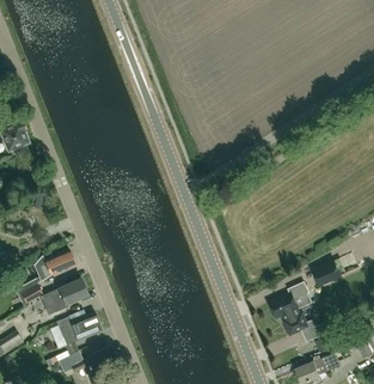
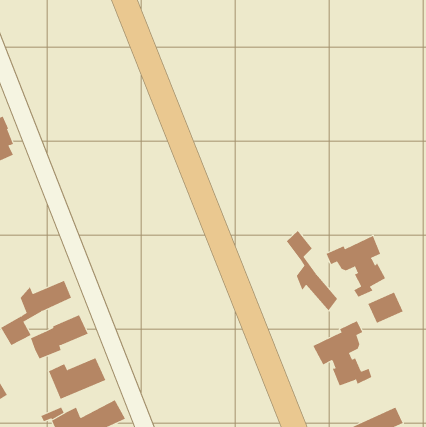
building: none -> [286,230,338,311]
building: none -> [326,235,386,297]

